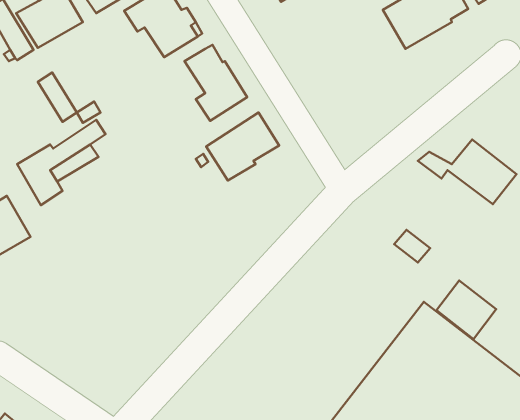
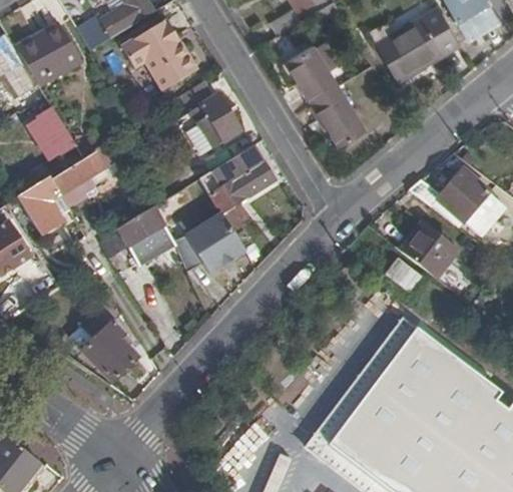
building: none -> [283,44,364,145]
building: none -> [112,204,171,259]
building: none -> [177,212,247,272]
building: [437,280,496,339] -> [401,221,459,279]
building: none -> [80,322,136,381]

